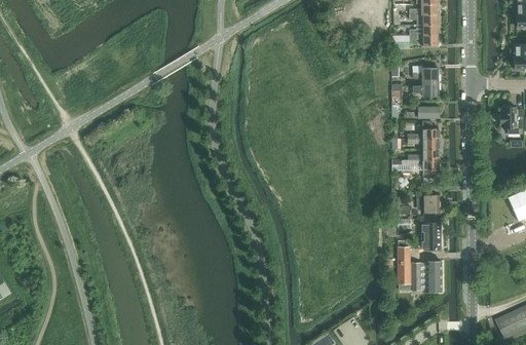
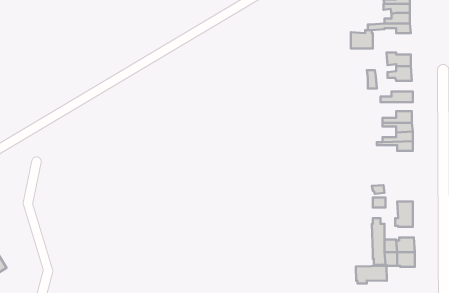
building: none -> [351,30,373,48]
building: [417,194,440,213] -> none
building: none -> [356,266,387,284]

